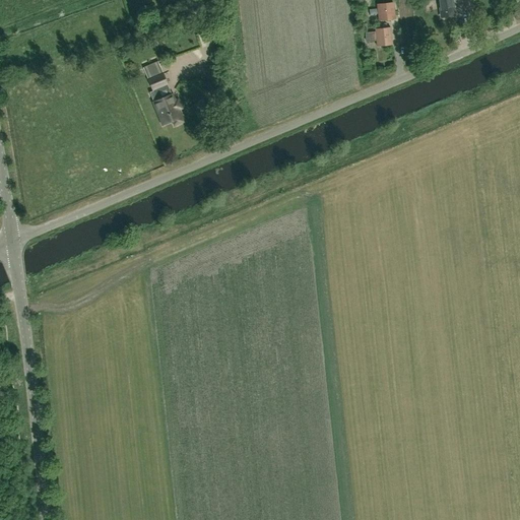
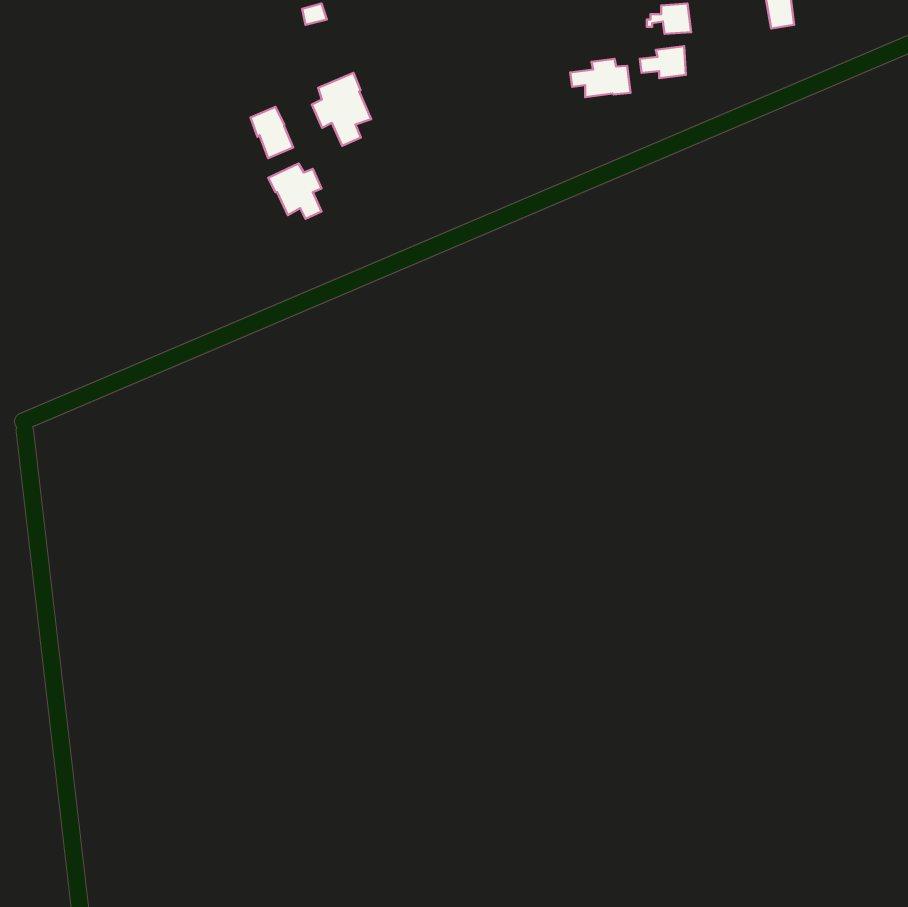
building: none -> [570,59,631,97]
building: none -> [312,73,371,146]

